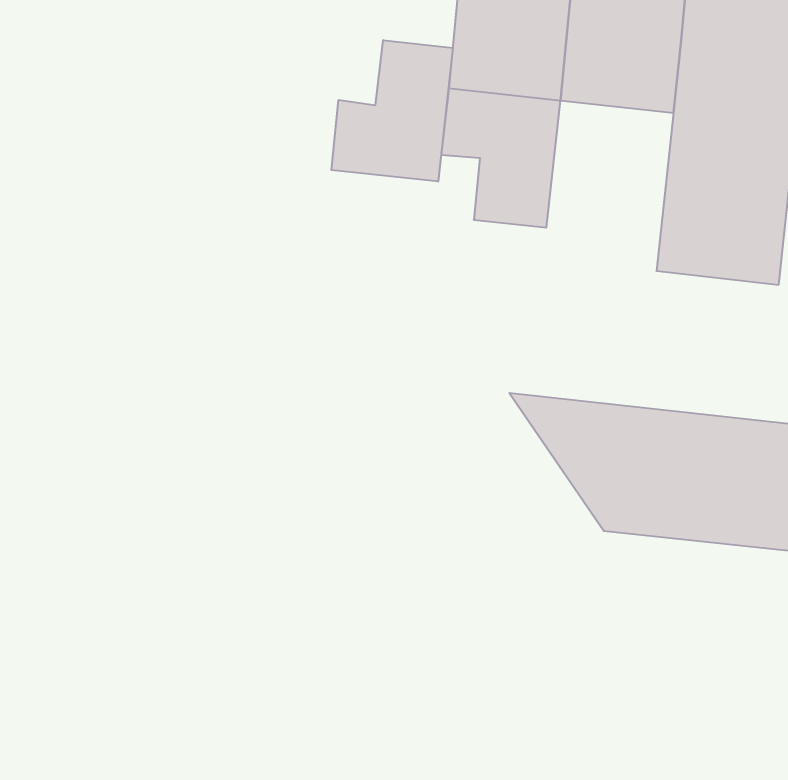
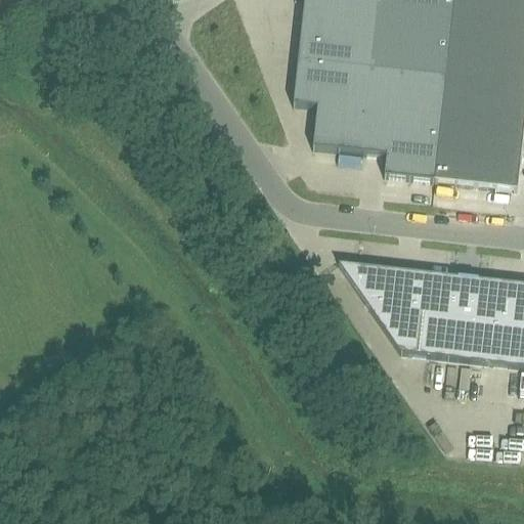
building: [331,40,453,182] -> none
building: none -> [363,67,447,179]

